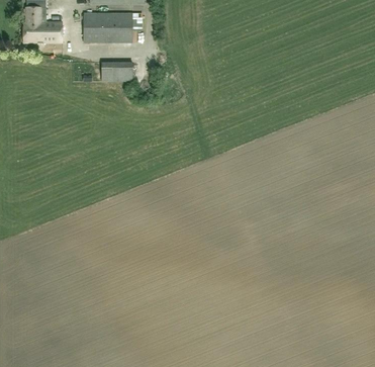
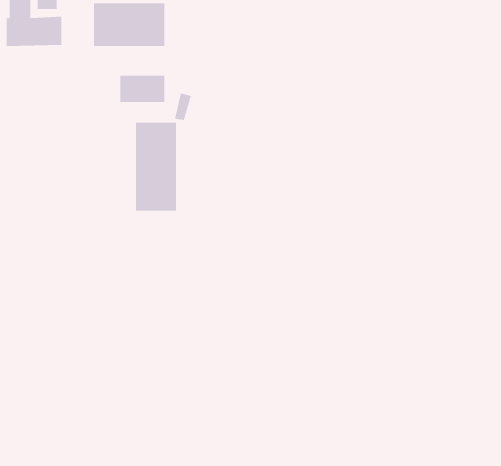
building: none -> [135,122,177,212]

